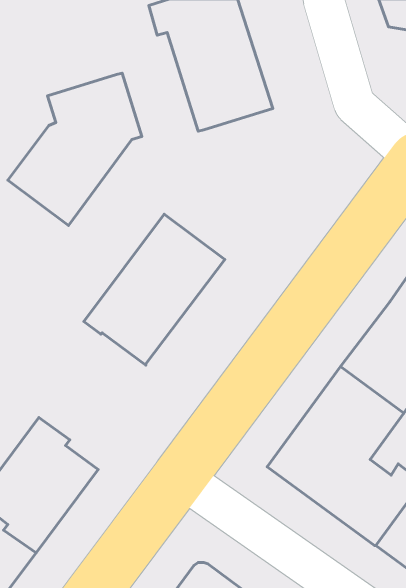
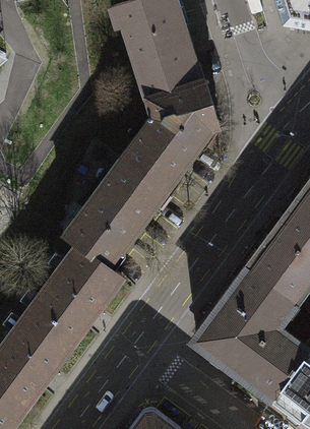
building: [8,73,142,225] -> [122,81,219,191]
building: none -> [32,244,123,343]

